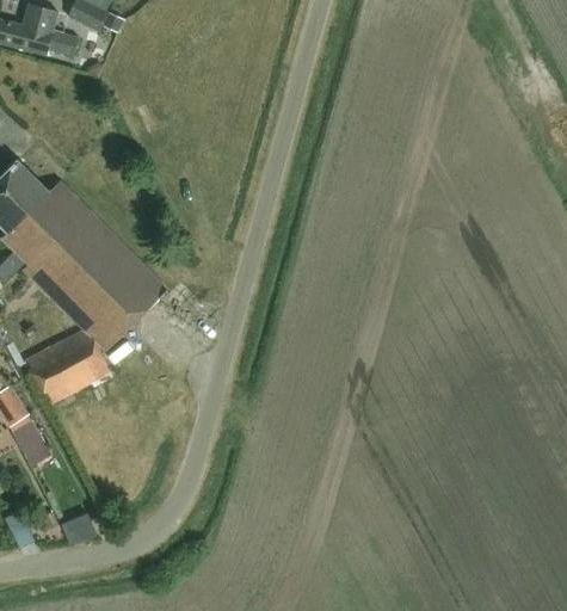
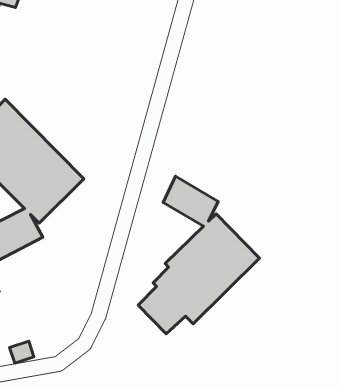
building: none -> [138,176,259,334]

